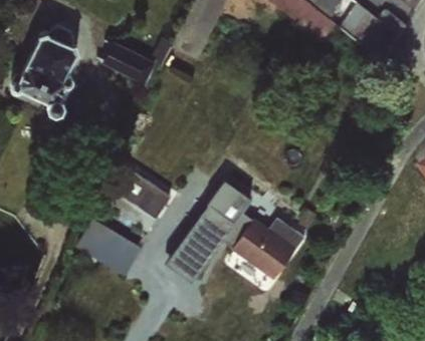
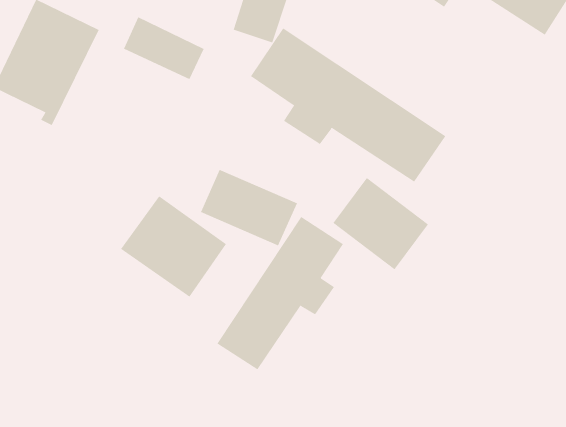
building: none -> [250,28,446,183]
building: [231,216,296,279] -> [333,177,429,270]
building: [75,220,142,272] -> [200,169,298,246]

